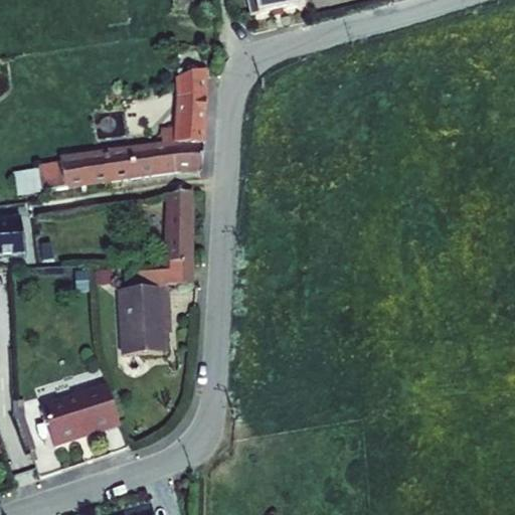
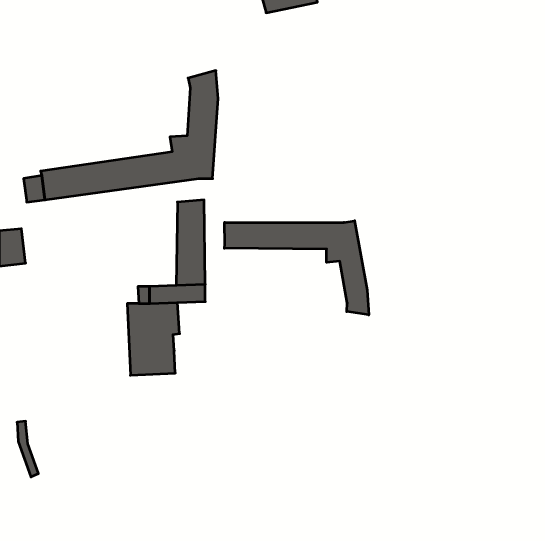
building: none -> [224,221,369,315]
building: [40,382,119,443] -> none

